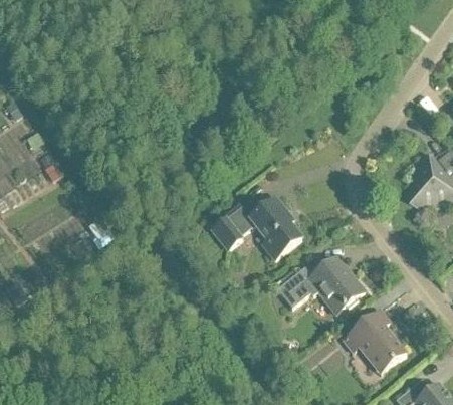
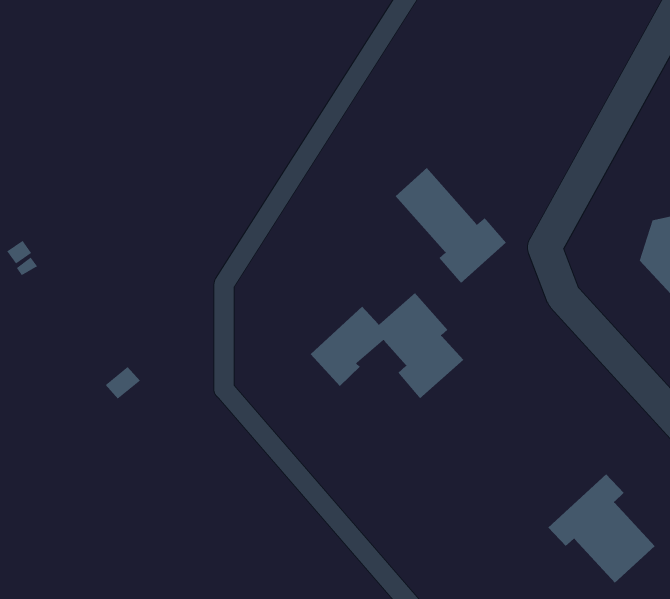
building: none -> [395,167,507,284]
building: [275,257,364,313] -> none

